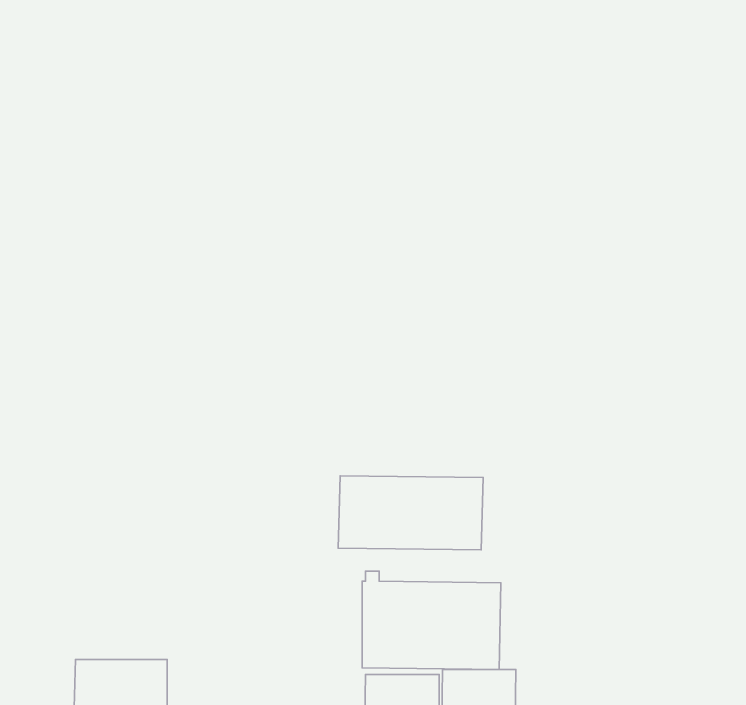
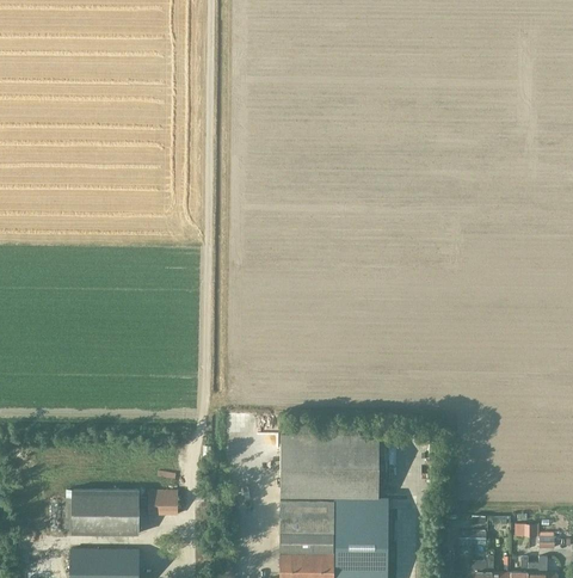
building: [338,476,483,550] -> none
building: none -> [148,491,177,515]

